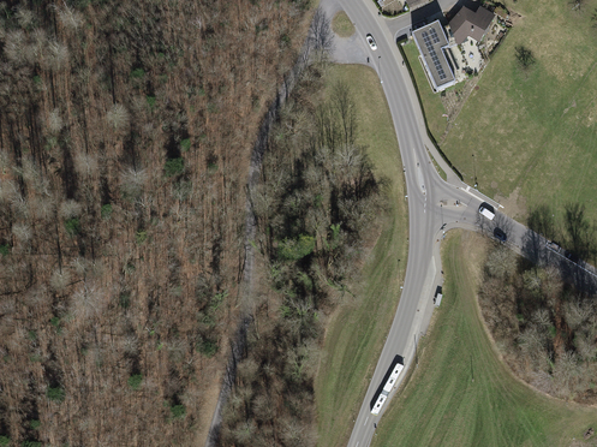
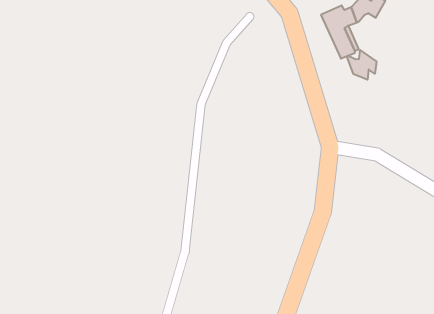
building: none -> [347,50,376,80]

